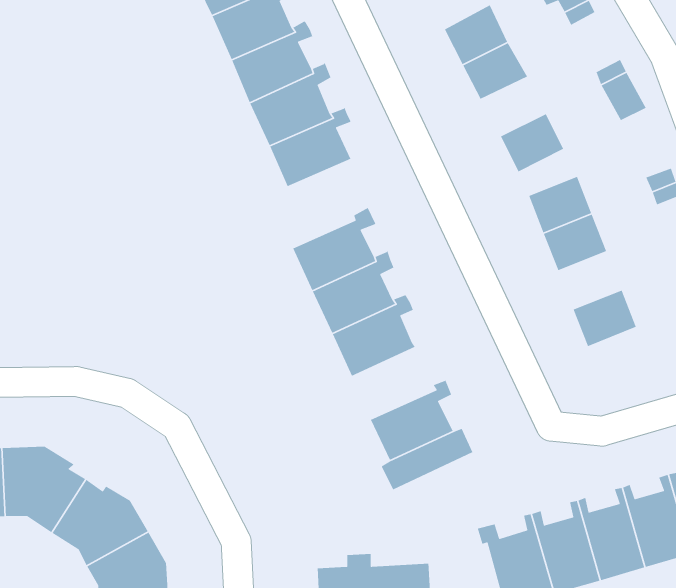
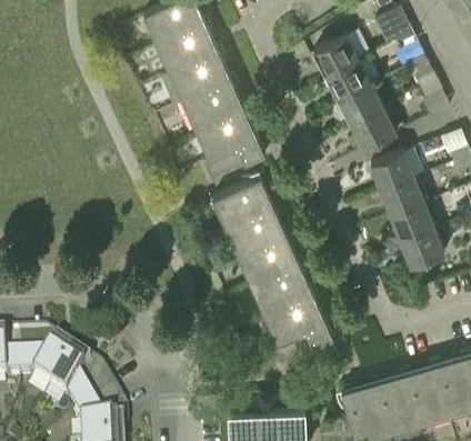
building: none -> [339,86,383,126]
building: none -> [202,139,265,181]
building: none -> [391,203,434,242]
building: none -> [252,261,309,317]

